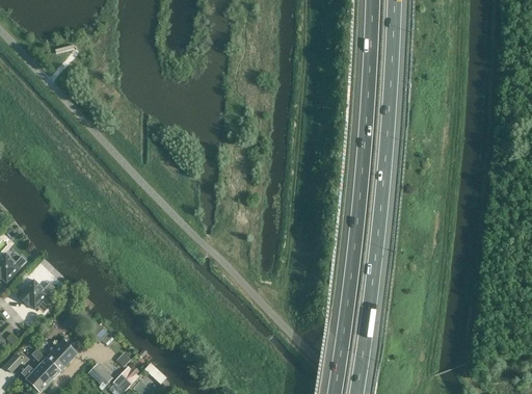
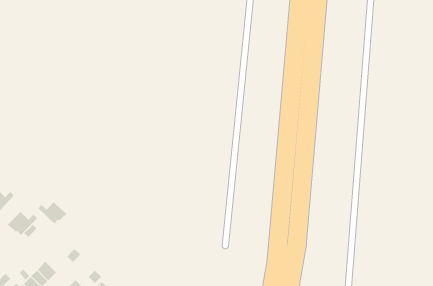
building: none -> [37,201,67,225]

